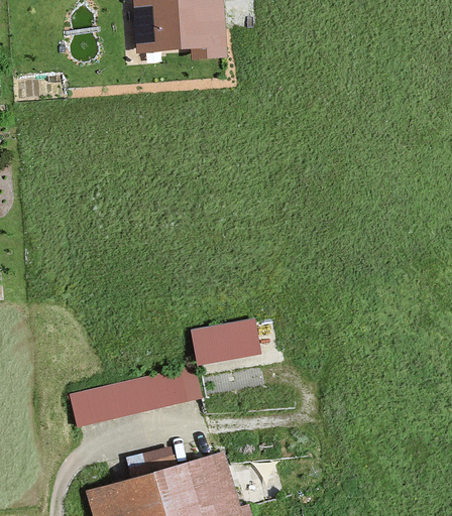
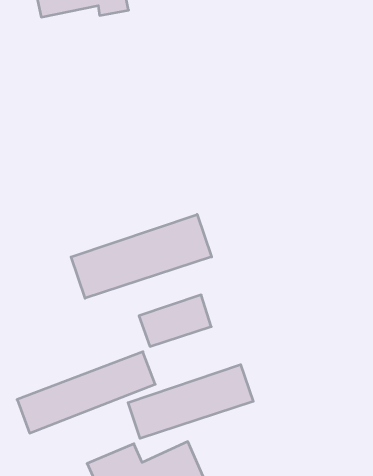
building: none -> [71,214,212,298]
building: none -> [128,365,253,438]

